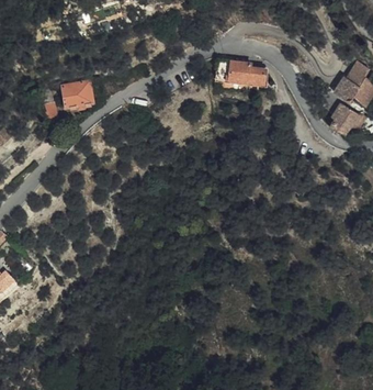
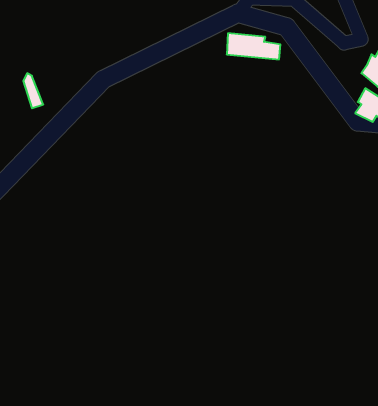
building: [60,75,92,102] -> none

